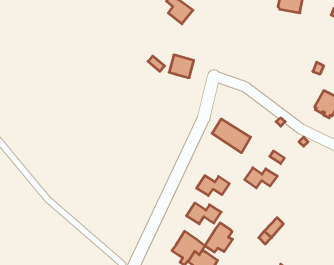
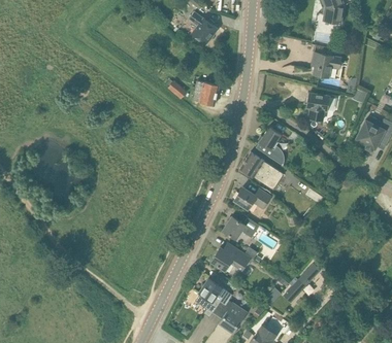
building: none -> [313,52,344,79]
building: none -> [307,92,330,121]
building: none -> [256,126,285,165]
building: [245,168,277,188] -> [234,186,271,209]
building: [205,223,233,252] -> none

